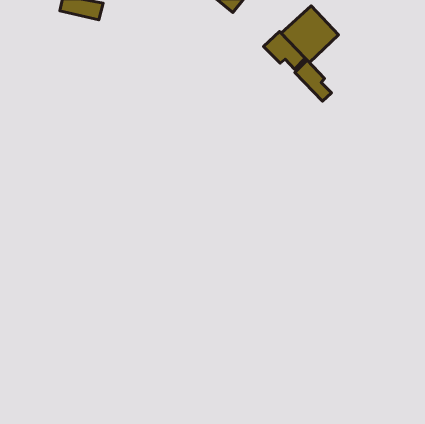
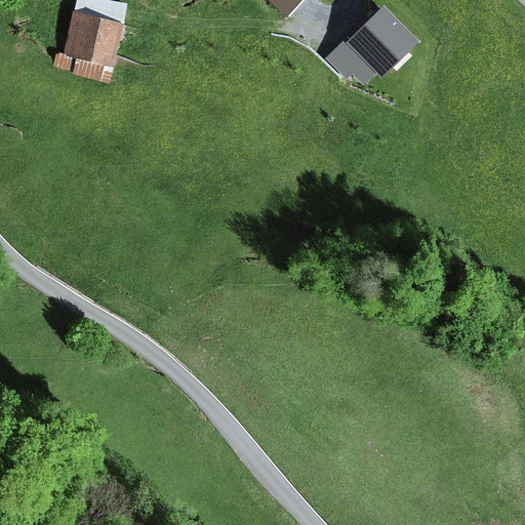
building: none -> [65,13,122,65]
building: [295,60,331,101] -> none

